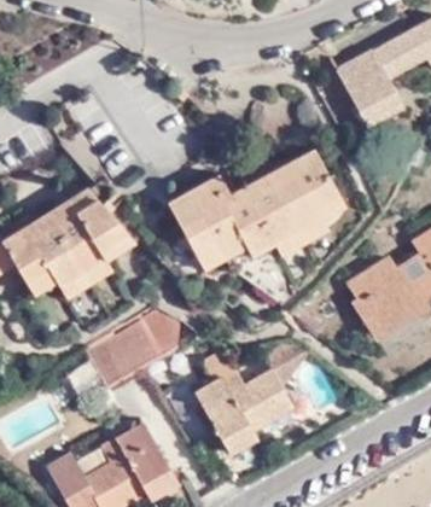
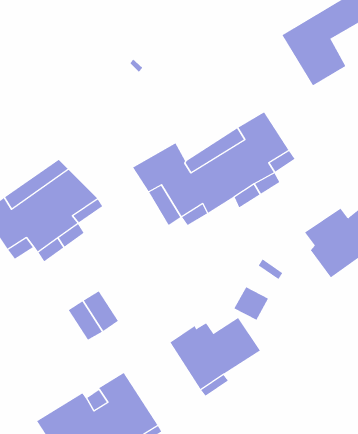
building: [123,313,180,366] -> none

